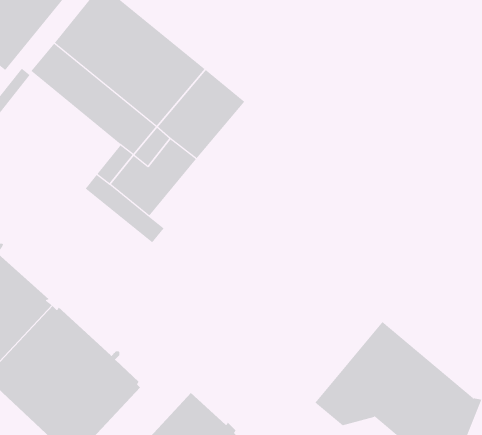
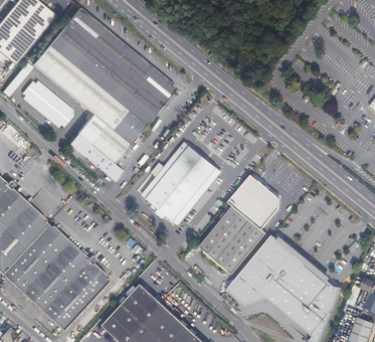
building: none -> [23,80,74,127]
building: none -> [143,142,221,224]
building: none -> [200,175,279,274]

